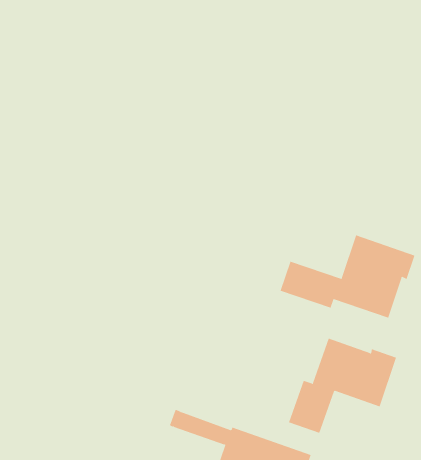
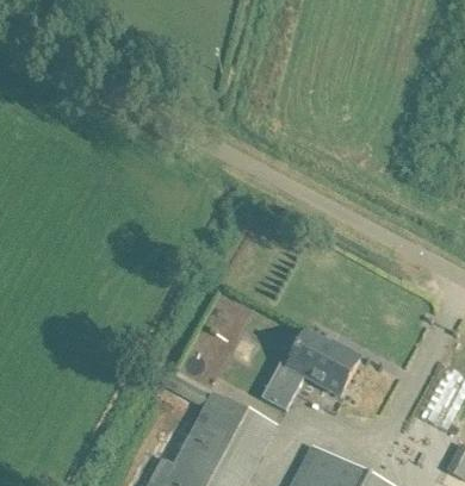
building: [280,234,415,318] -> none

